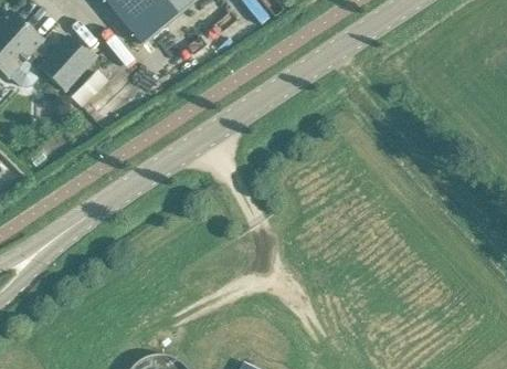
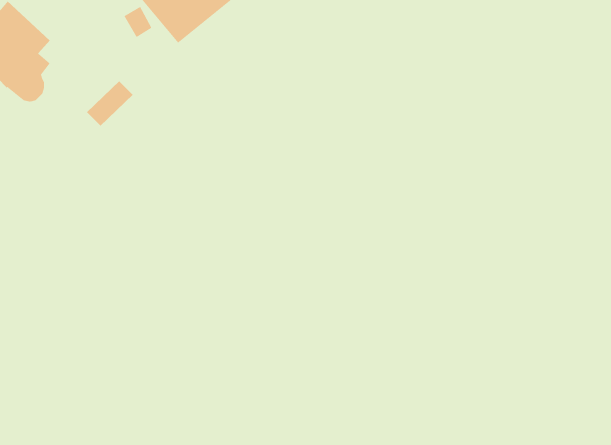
building: [39,34,95,91] -> none

